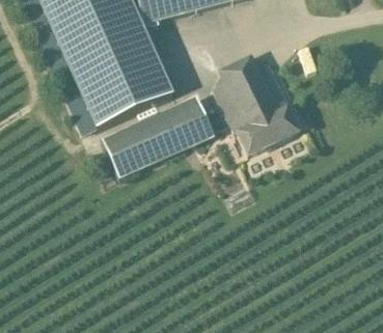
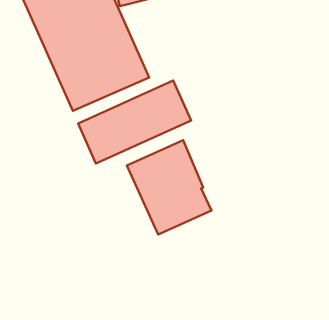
building: [212,61,296,155] -> [127,140,212,235]

